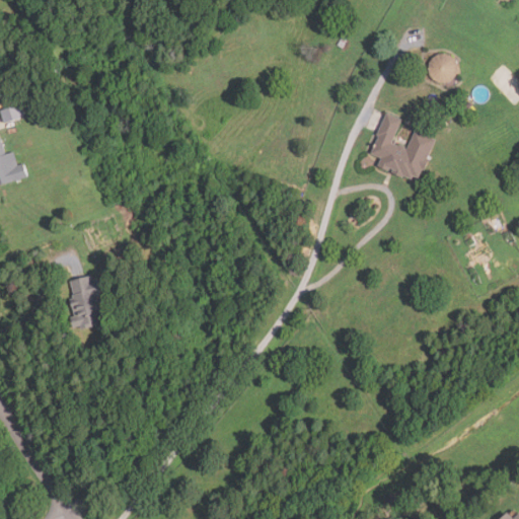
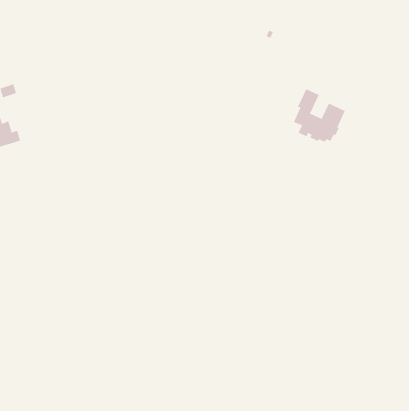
building: [427,54,456,83] -> none
building: [68,277,100,329] -> none

